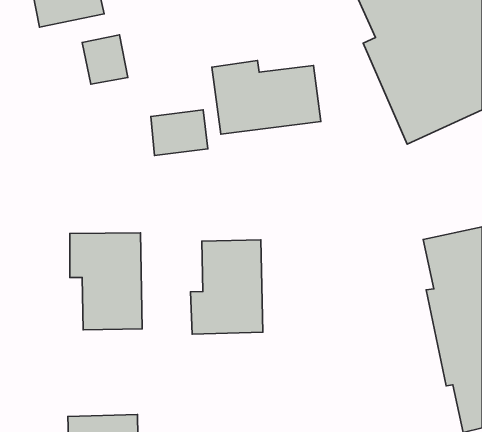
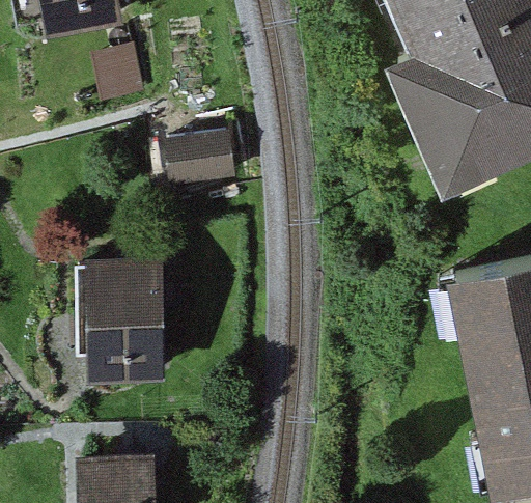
building: [212,61,321,134] -> none
building: [191,240,263,334] -> none

